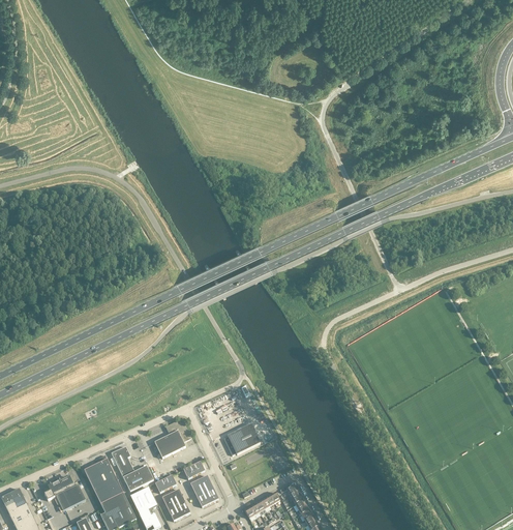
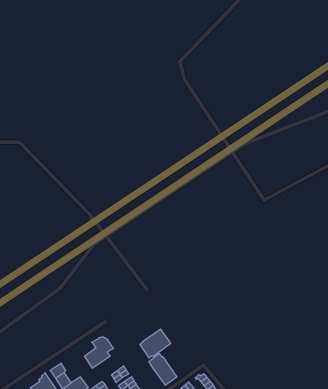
building: none -> [149,354,177,385]

